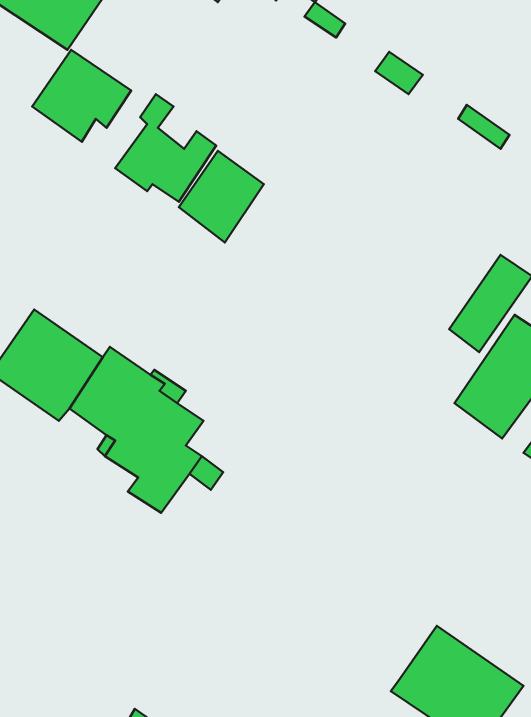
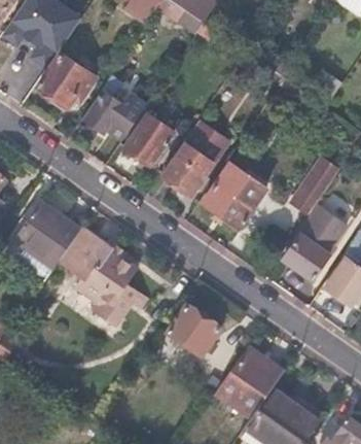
building: none -> [161,124,226,196]
building: none -> [205,164,265,228]
building: none -> [169,306,221,356]
building: none -> [215,348,284,418]

